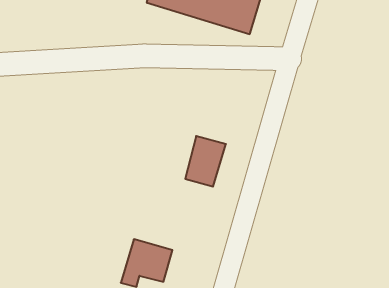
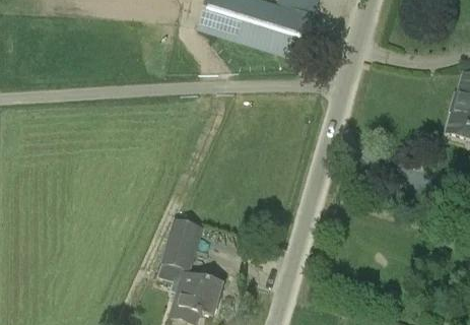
building: [185,136,226,187] -> [161,219,203,271]

